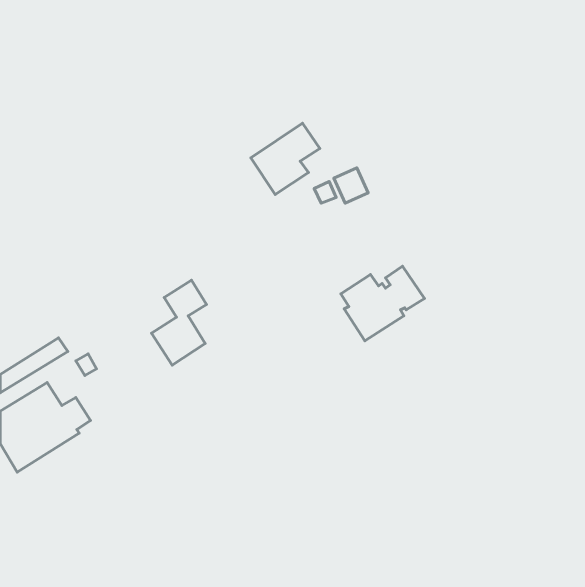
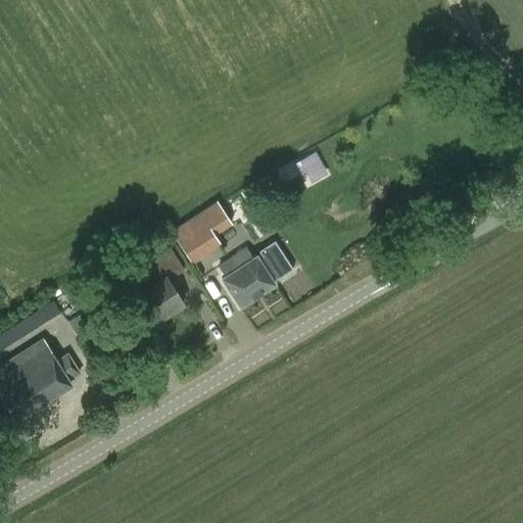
building: [251,123,320,194] -> [173,200,234,264]
building: [341,266,424,341] -> [220,241,294,307]

